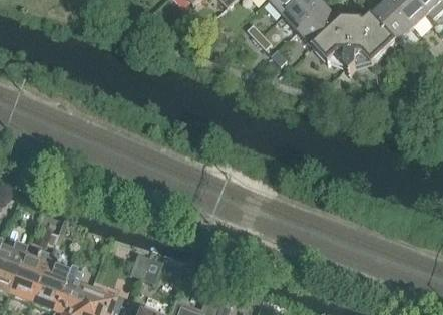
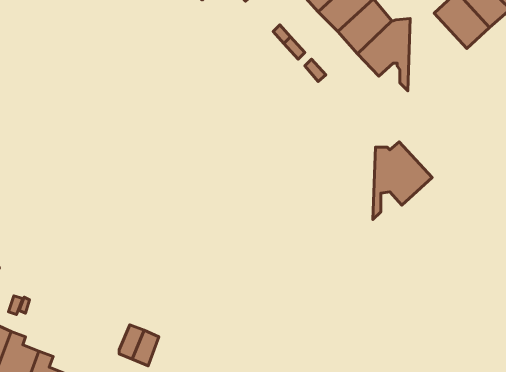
building: [350,14,395,73] -> [373,142,432,220]

